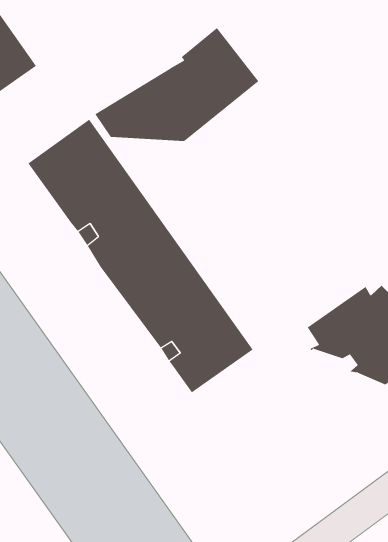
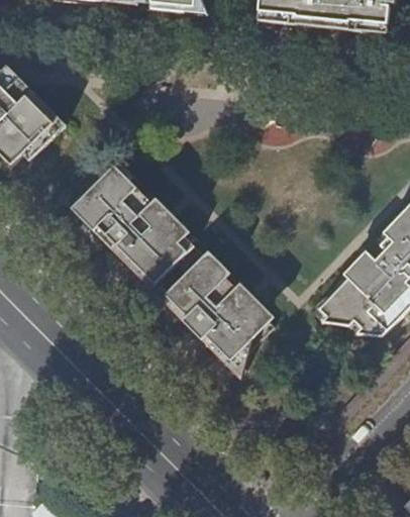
building: [94,27,259,142] -> none

